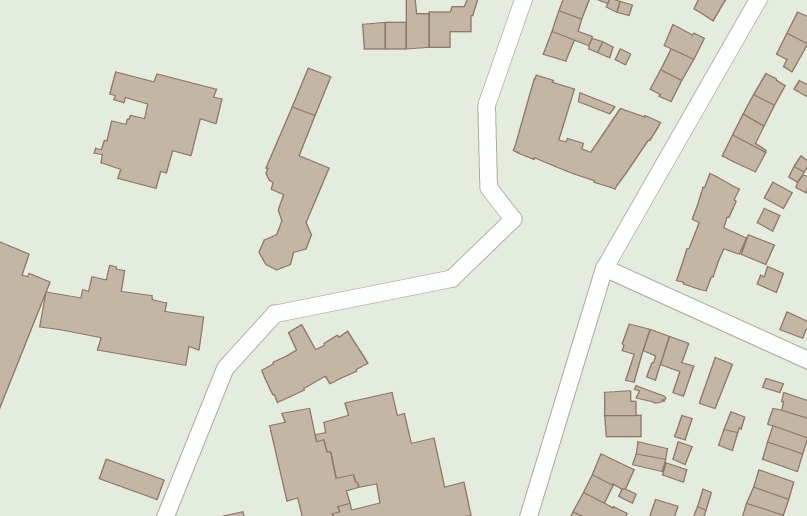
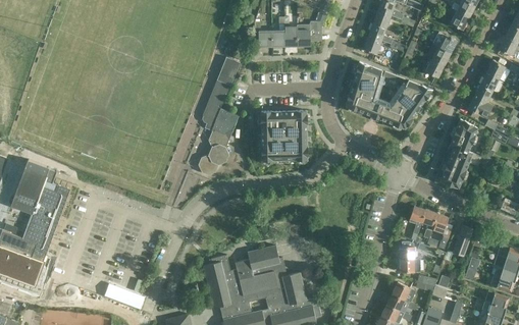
building: [94,72,222,189] -> none
building: none -> [260,110,306,160]
building: [40,265,204,365] -> none
building: [262,325,368,403] -> none

